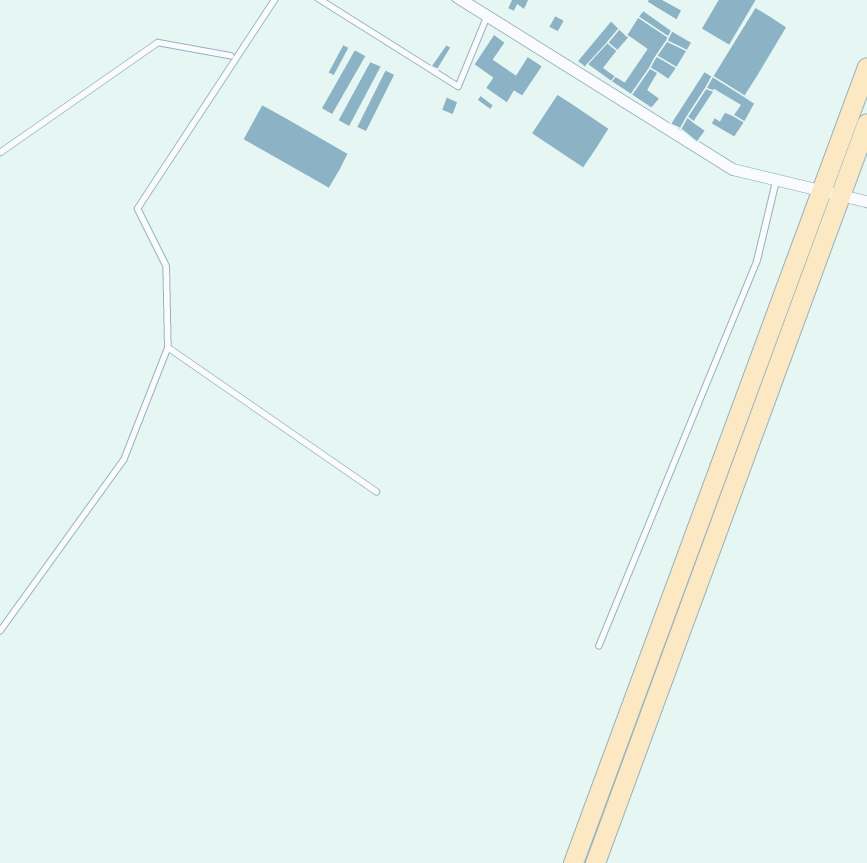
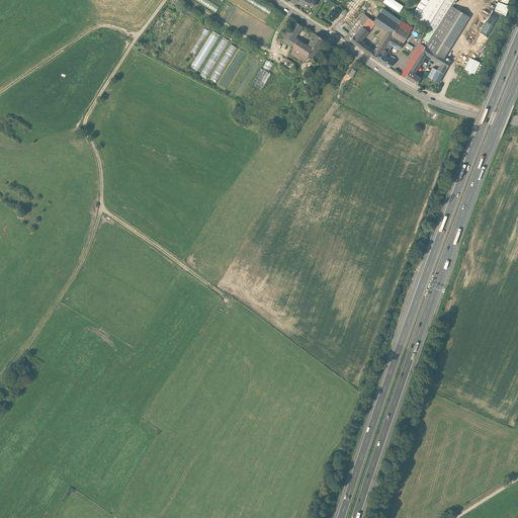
building: [531,94,609,169] -> none
building: [243,104,348,189] -> none

